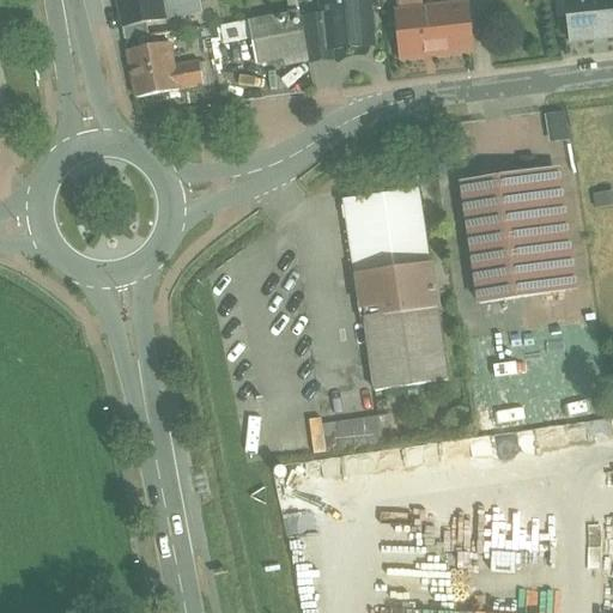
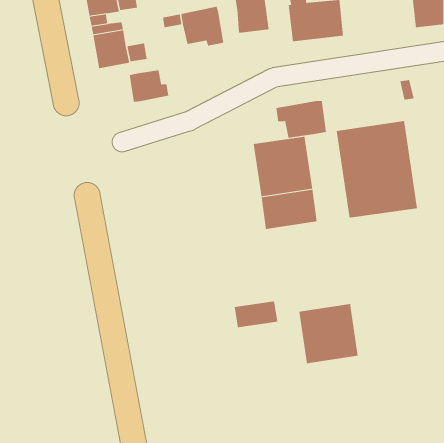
building: [301,13,330,59] -> none
building: none -> [129,69,169,102]
building: none -> [276,100,327,139]
building: [364,304,447,387] -> [298,304,359,364]

